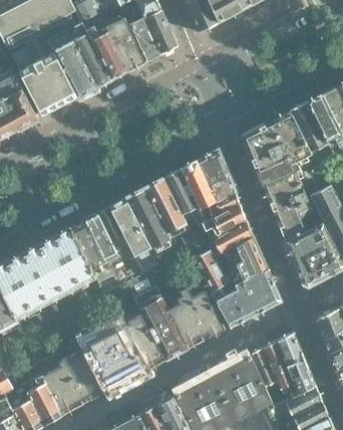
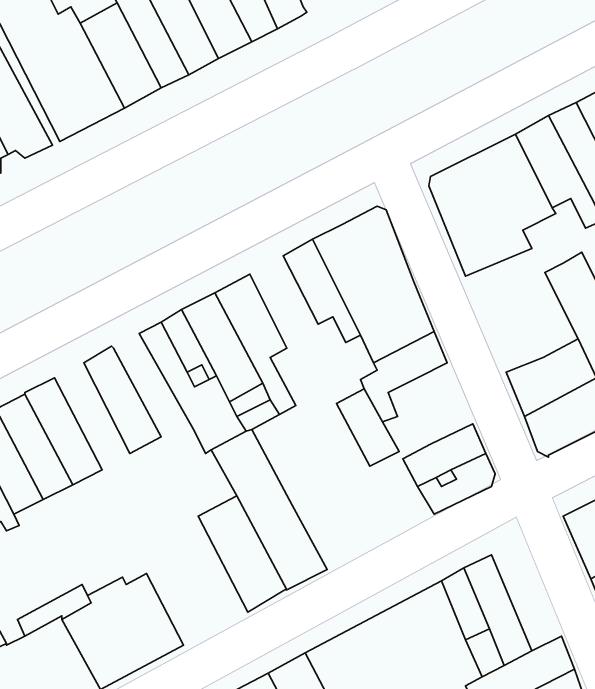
building: [263,175,314,242] -> none
building: [145,179,208,259] -> none
building: [71,221,115,282] -> none
building: [39,237,80,295] -> none
building: [237,237,267,281] -> none
building: [211,285,246,328] -> none
building: [168,291,225,350] -> none
building: [80,317,144,391] -> none
building: [277,335,315,394] -> none

